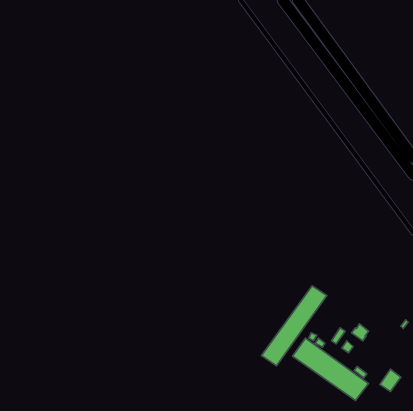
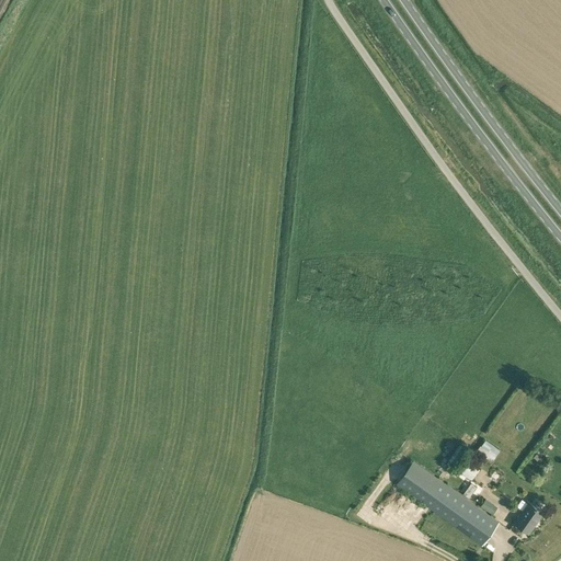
building: [261,286,327,366] -> none

